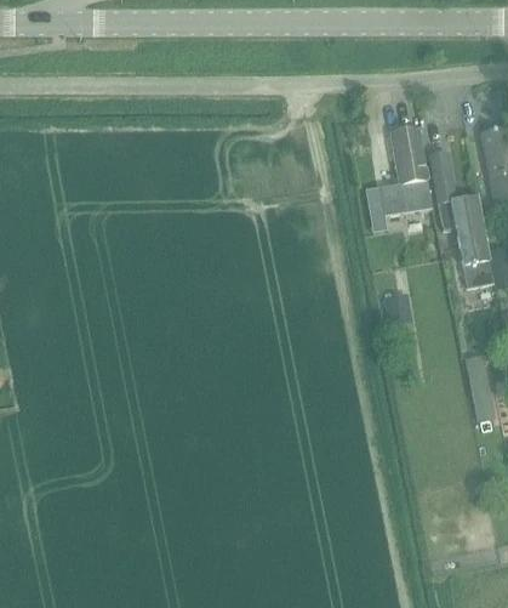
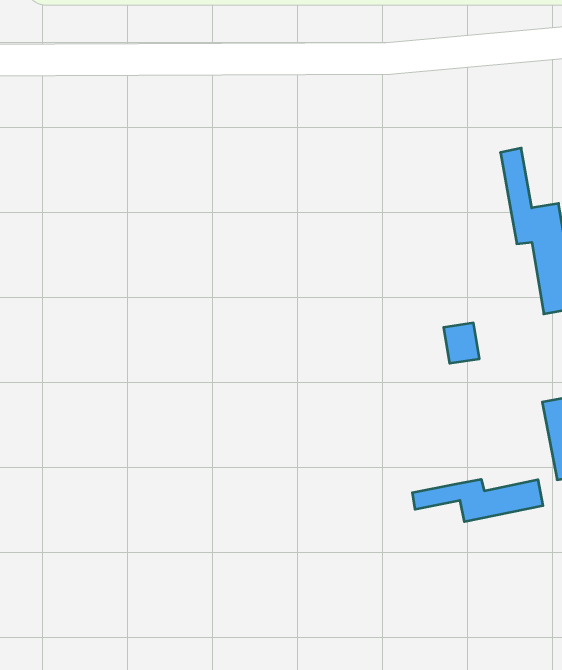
building: [379,126,430,214] -> none
building: none -> [412,479,543,522]

